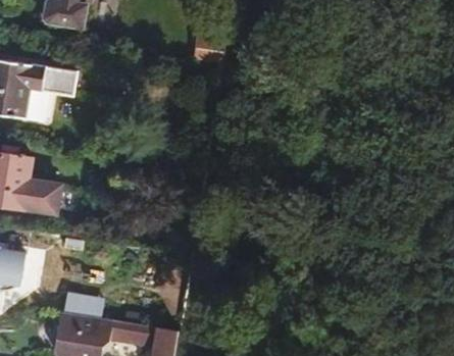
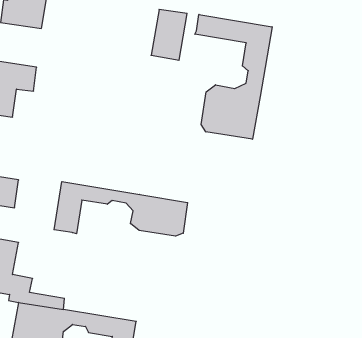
building: none -> [195,14,272,139]
building: none -> [54,182,188,236]

